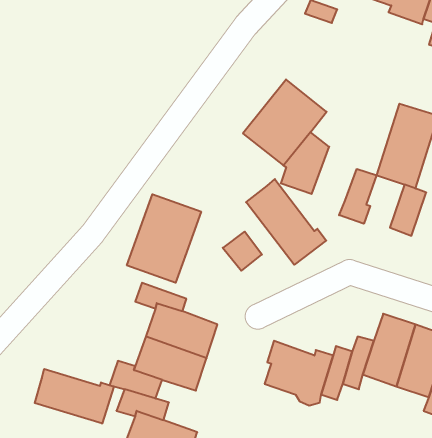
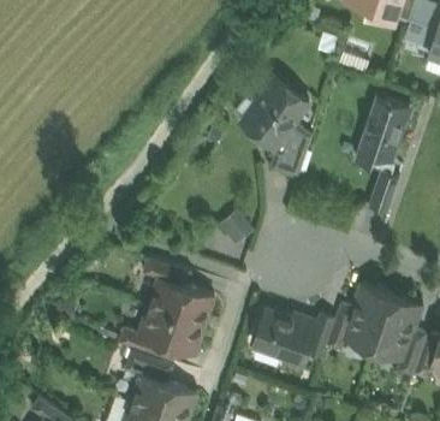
building: [339,169,376,224] -> none
building: [246,179,326,265] -> none
building: [127,194,201,283] -> none
building: [35,369,114,424] -> none

